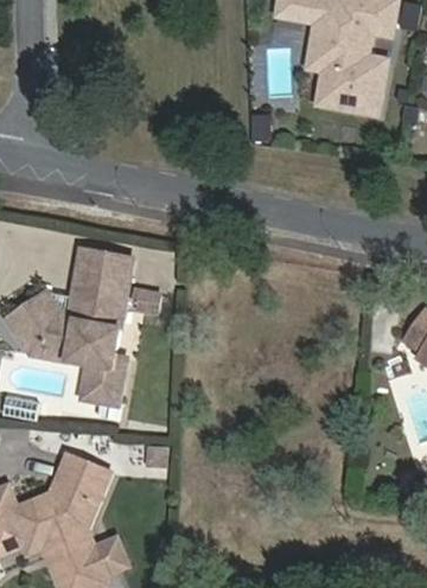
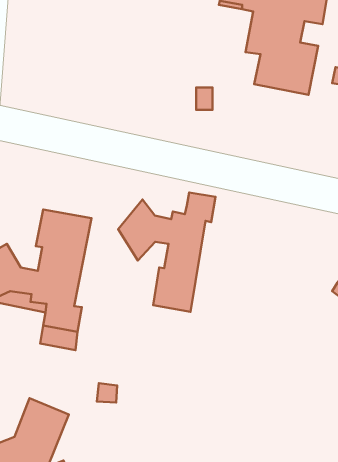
building: none -> [118,192,216,312]

